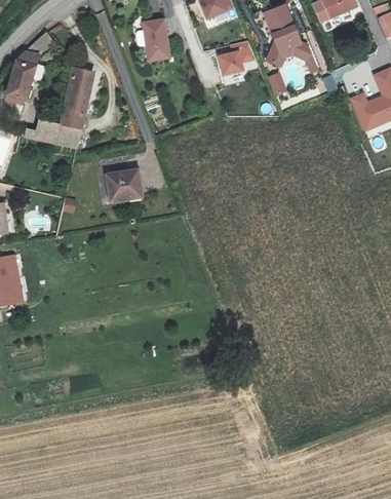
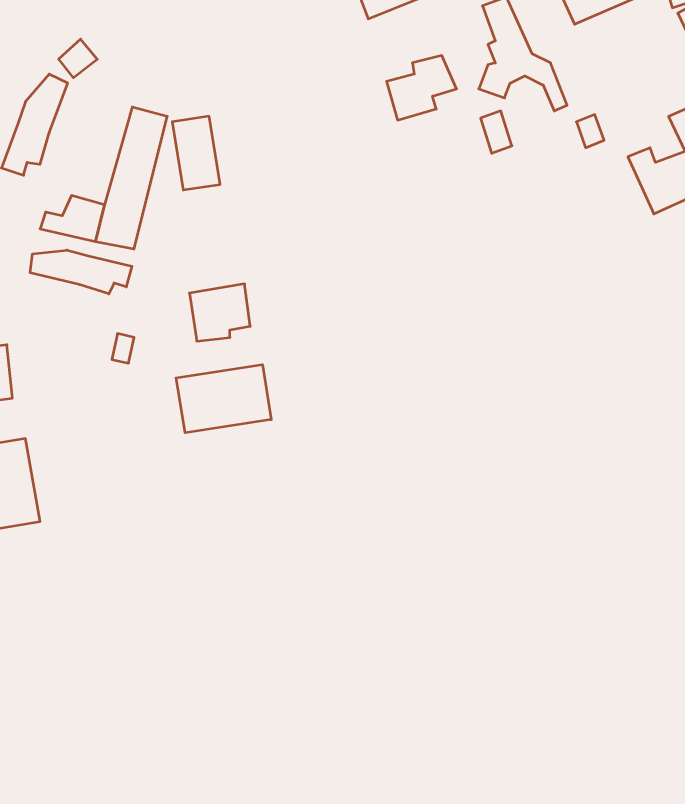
building: [144,21,170,62] -> [172,116,220,190]
building: none -> [30,250,132,294]
building: none -> [176,365,271,433]

